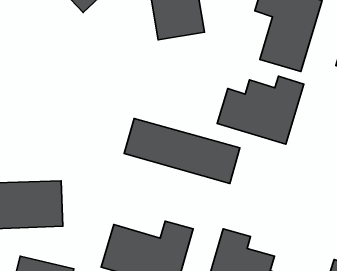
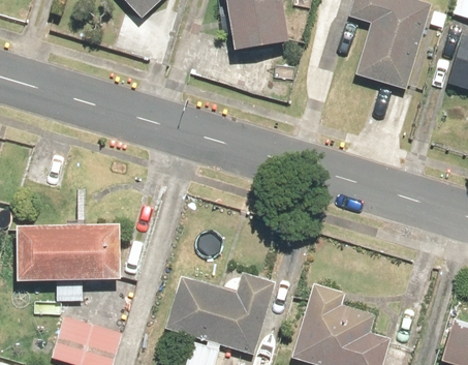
building: [217,76,304,144] -> none
building: [124,118,240,184] -> none

